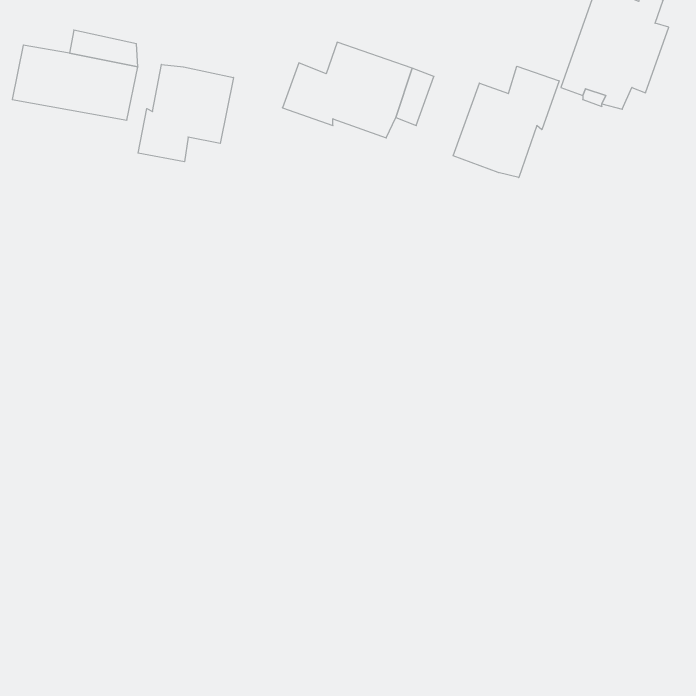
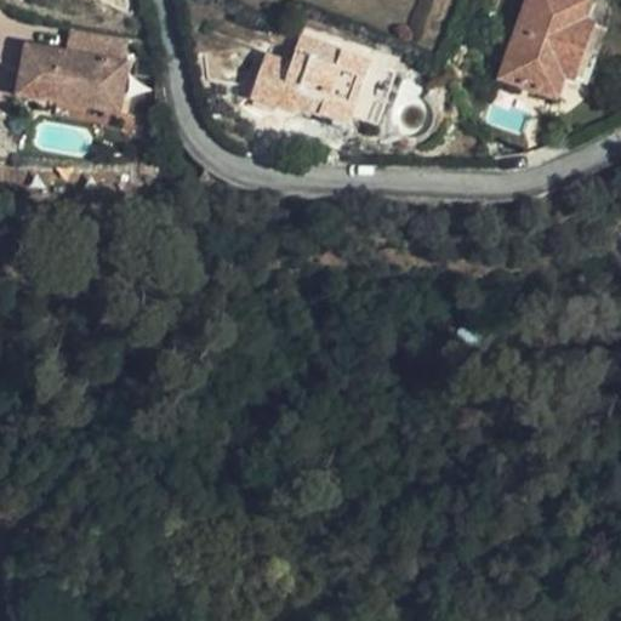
building: [138,64,233,162] -> none
building: [453,66,559,178] -> none

